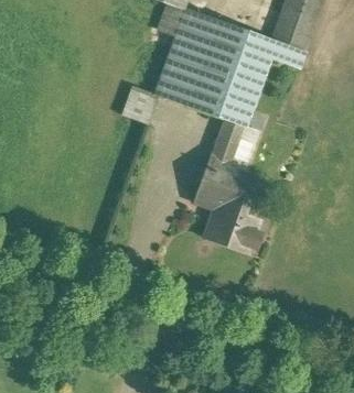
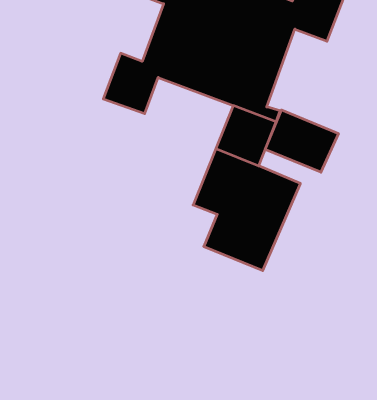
building: none -> [265,110,338,172]

